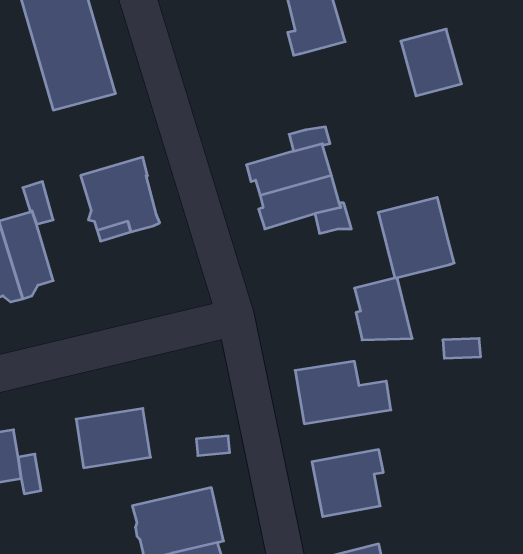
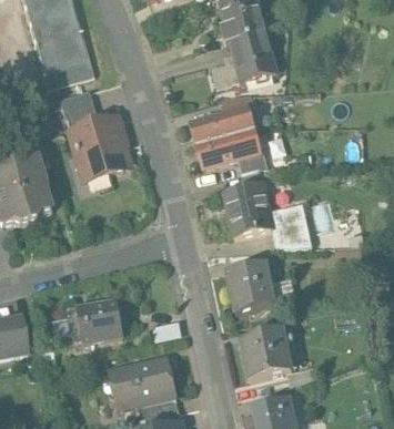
building: [401,29,462,96] -> [230,32,274,81]
building: none -> [61,89,95,124]
building: [378,197,454,278] -> [219,181,274,239]

